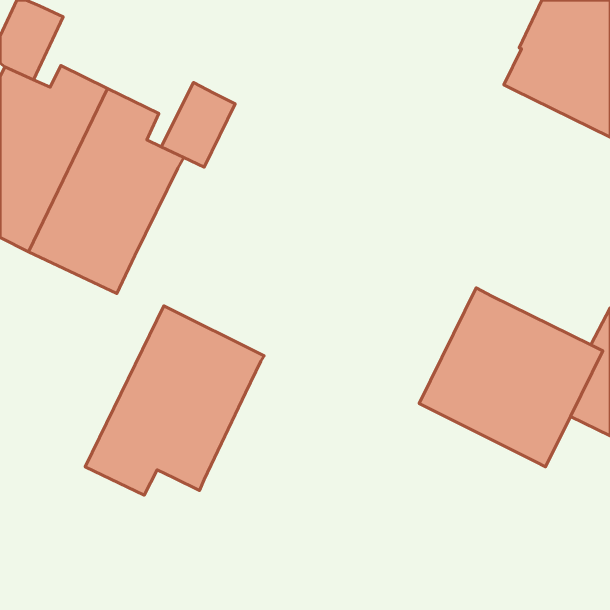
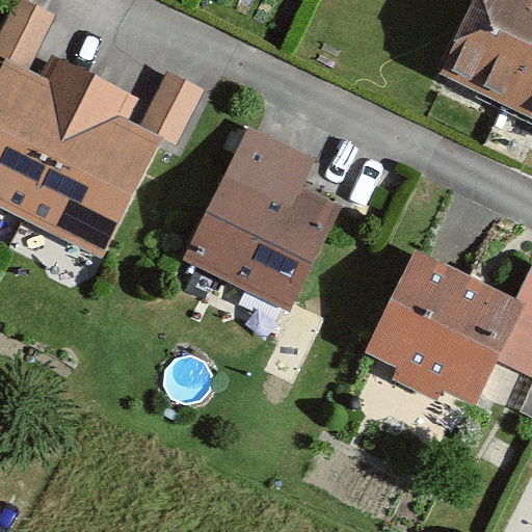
building: none -> [181,125,340,313]
building: [85,306,264,495] -> none

